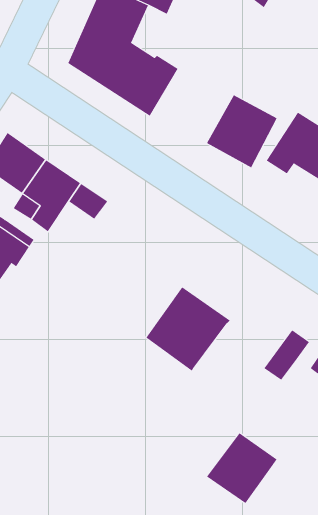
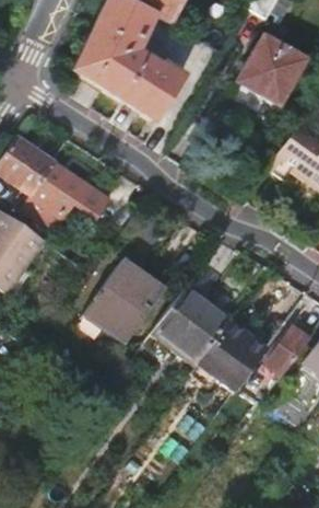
building: [206,94,278,168] -> [237,33,306,104]
building: none -> [87,262,167,347]
building: [206,432,278,504] -> [199,321,268,390]

